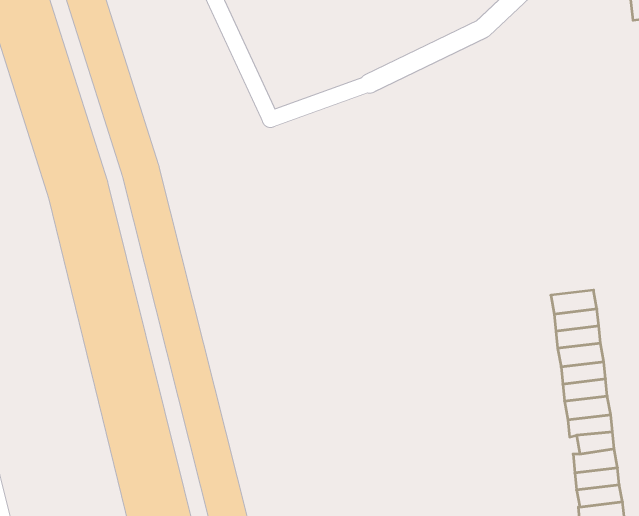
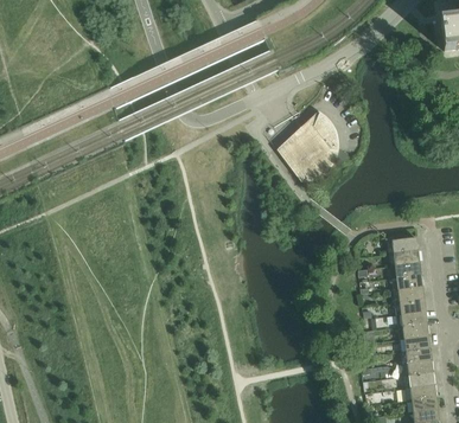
building: none -> [279,108,337,175]

